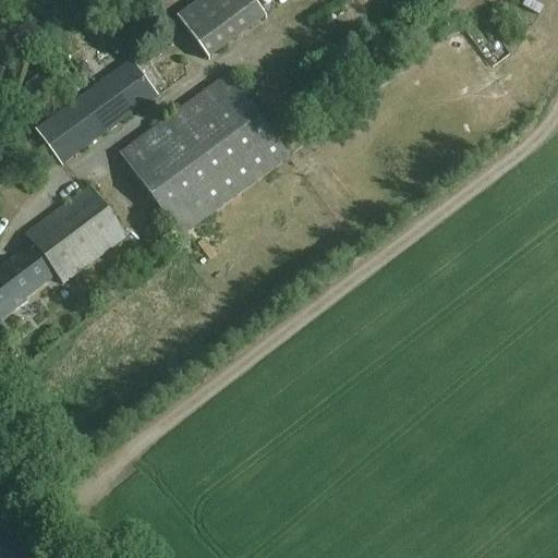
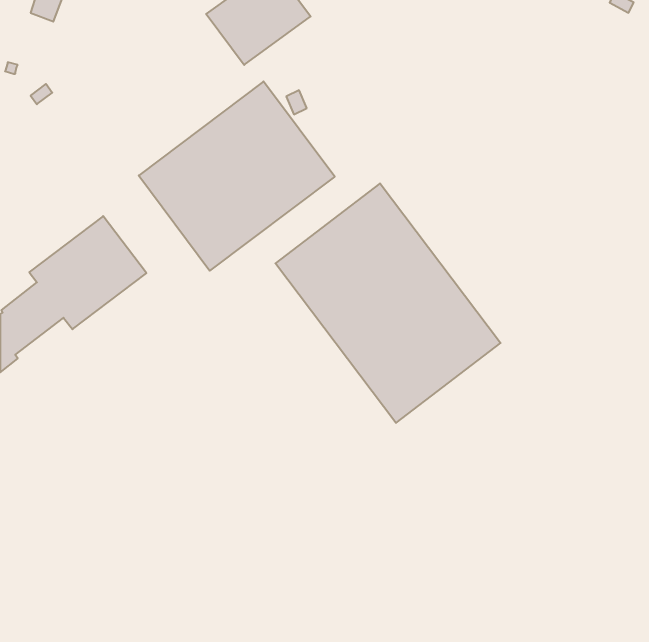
building: [37,58,155,159] -> none
building: none -> [275,183,501,423]

